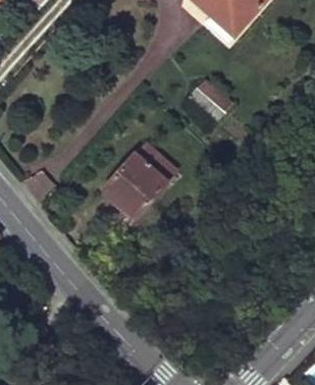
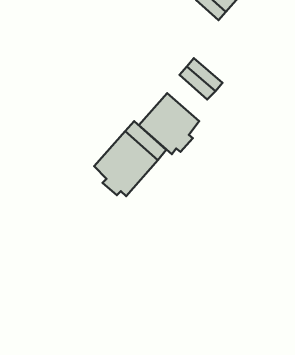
building: none -> [139,93,199,154]

